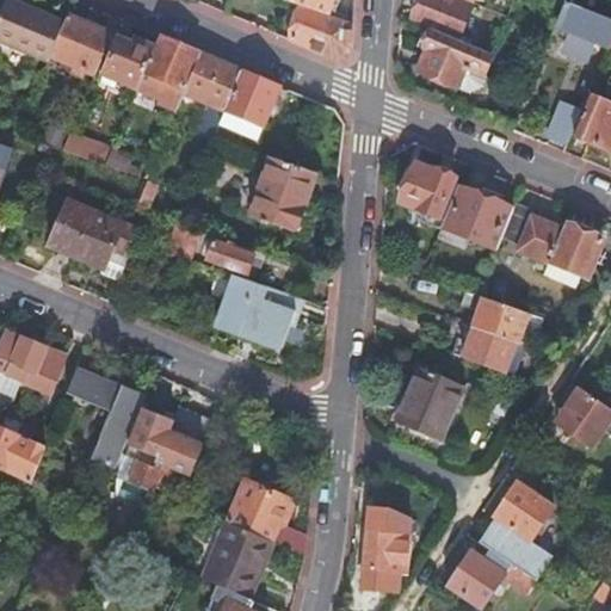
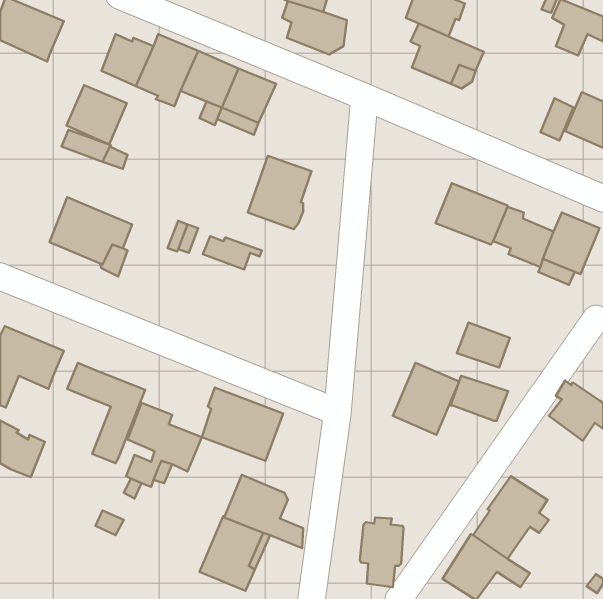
building: [50,14,111,74] -> [67,85,127,144]
building: [399,163,453,217] -> none
building: [216,270,298,344] -> [202,388,283,461]
building: [471,296,530,341] -> [450,376,508,421]

